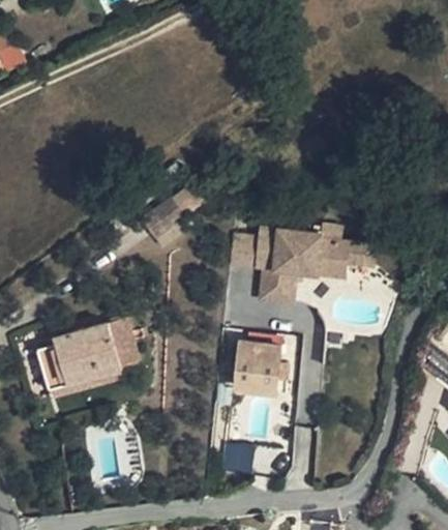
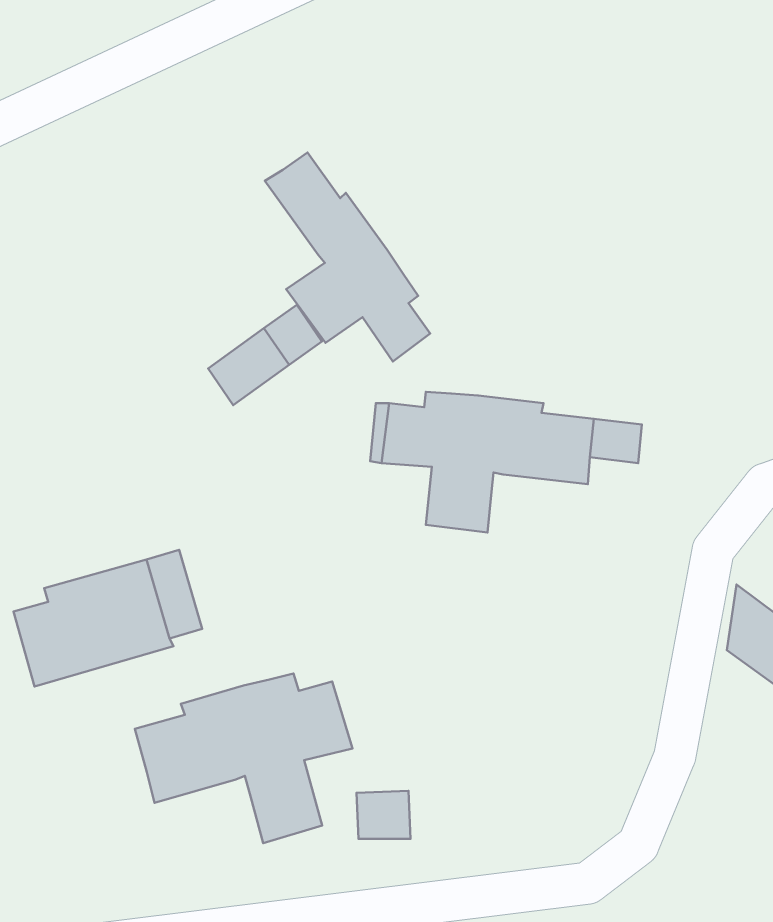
building: none -> [265,153,430,362]
building: [238,342,283,392] -> none
building: none -> [135,674,352,843]

